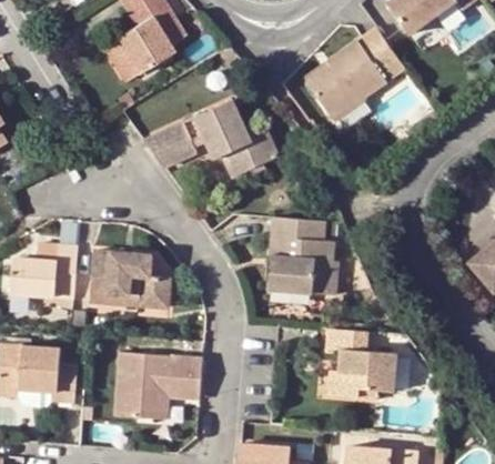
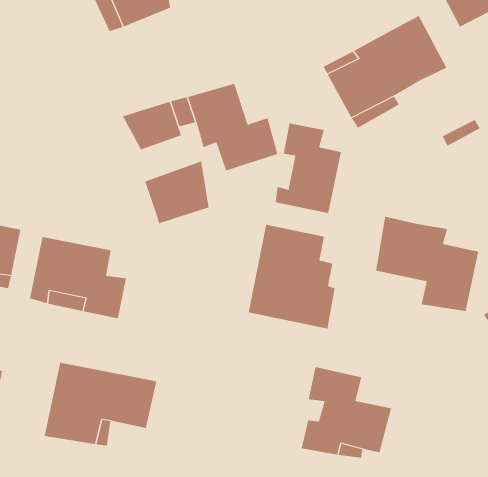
building: none -> [275,122,341,214]
building: none -> [144,160,209,224]
building: none -> [375,216,479,312]

